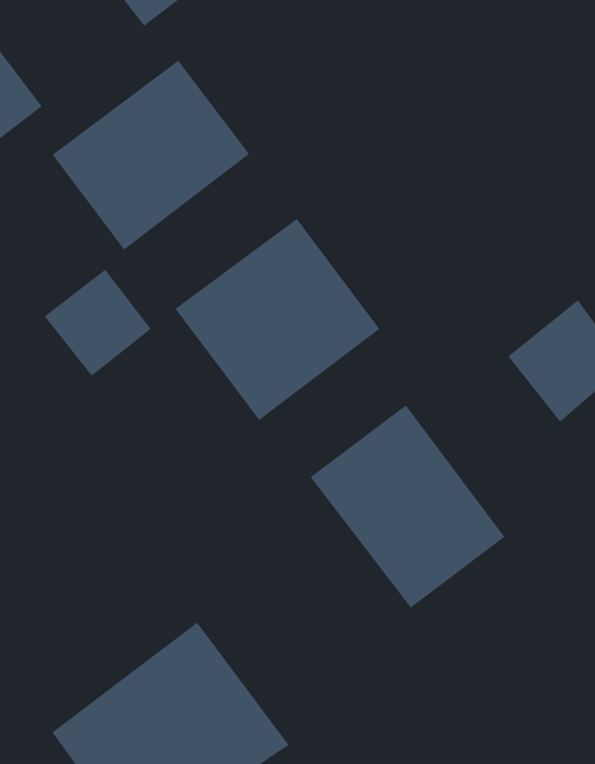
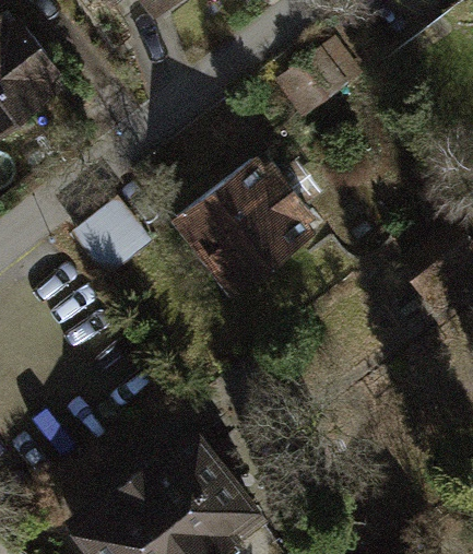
building: [52,60,250,251] -> none
building: [310,405,505,608] -> none

